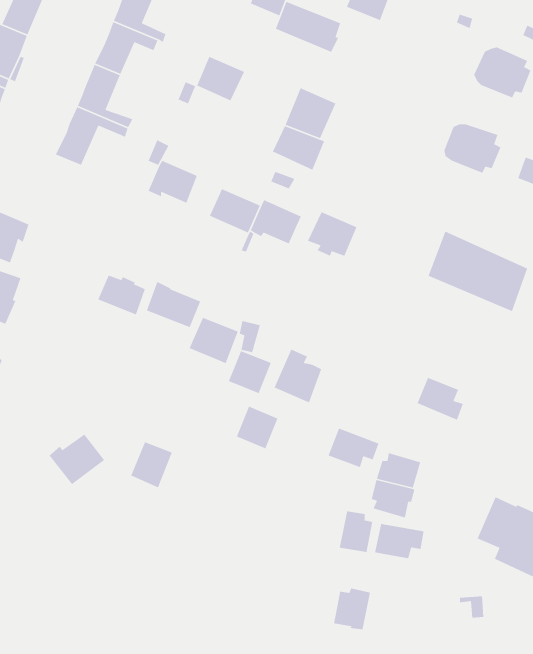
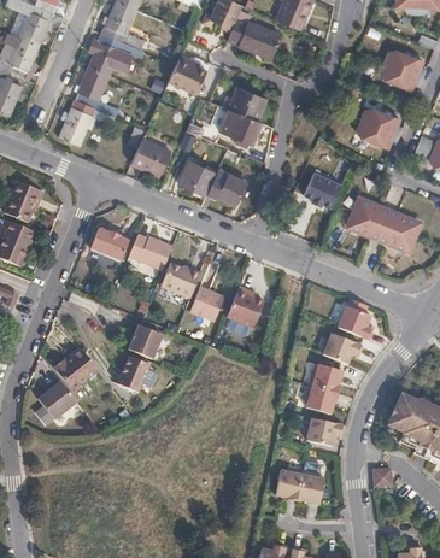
building: [307,211,357,257] -> [304,172,342,207]
building: [236,405,278,450] -> [129,323,162,357]
building: [328,427,379,468] -> [321,331,360,363]
building: none -> [39,377,76,417]
building: [339,510,373,553] -> [295,470,322,503]

